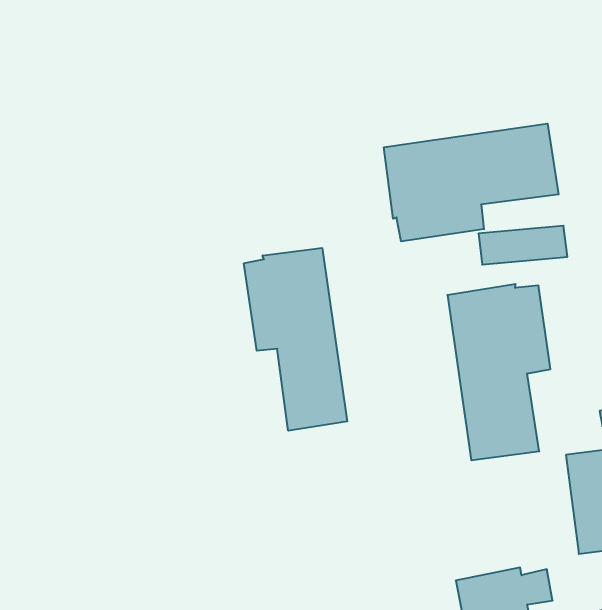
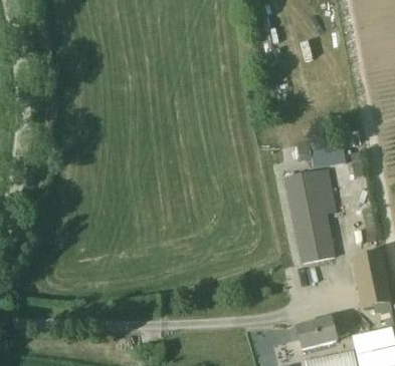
building: [384,124,559,241] -> none
building: [244,248,347,431] -> none

